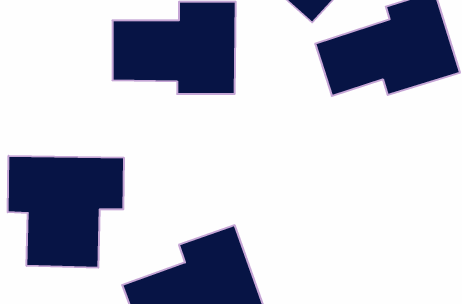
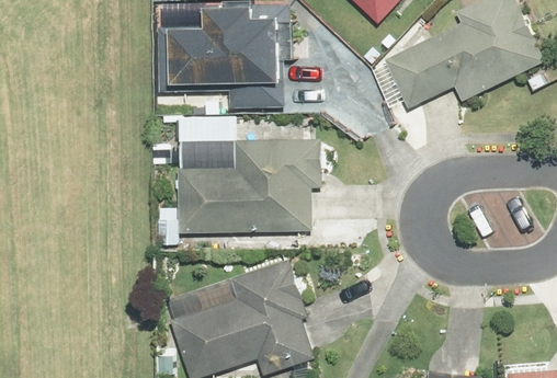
building: none -> [177,139,325,231]
building: [8,156,124,268] -> none

